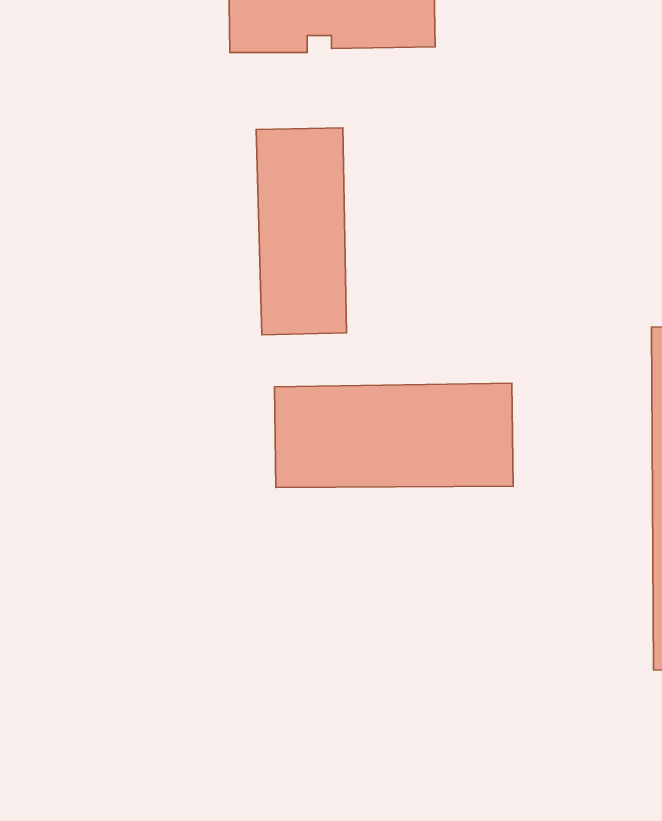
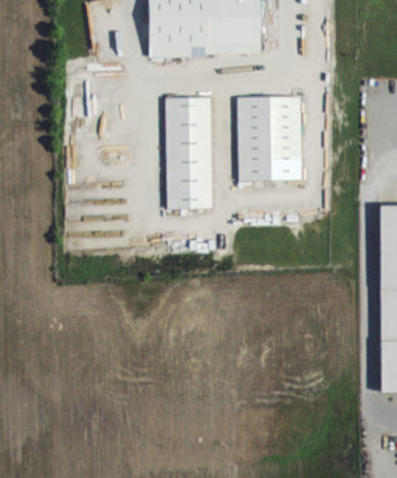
building: none -> [236,96,303,179]
building: [275,383,513,488] -> none

